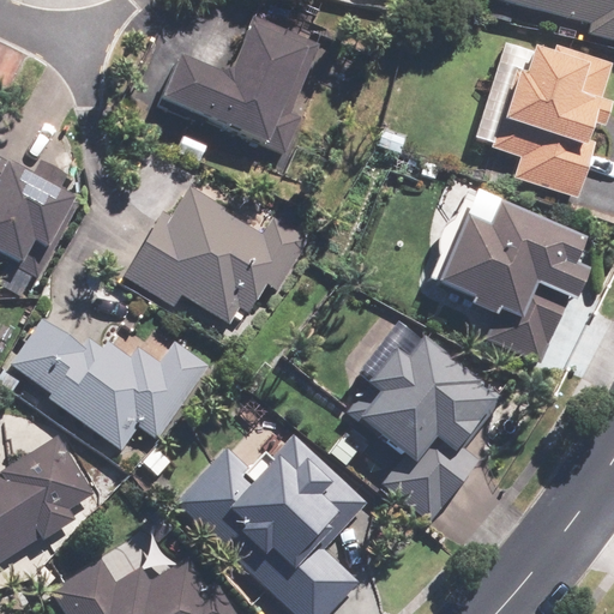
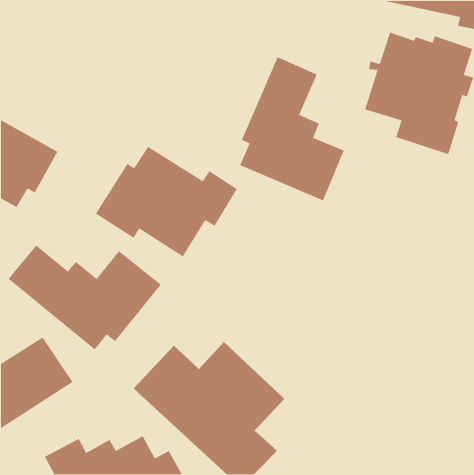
building: [162,19,309,148] -> none
building: none -> [239,56,345,201]
building: [440,199,592,365] -> none
building: [348,317,501,523] -> none

